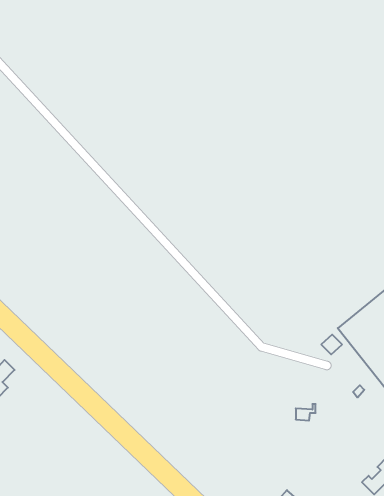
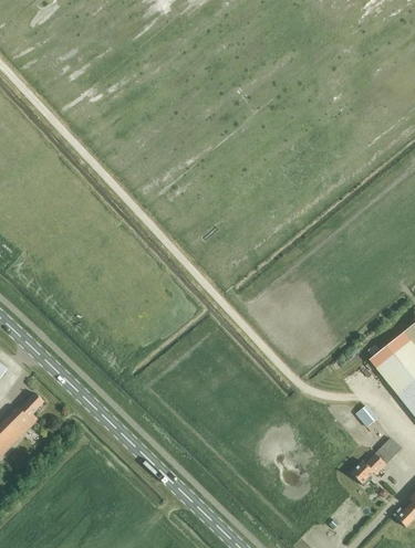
building: none -> [349,439,401,487]

